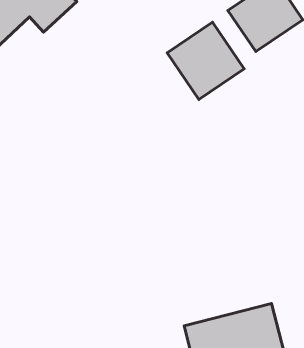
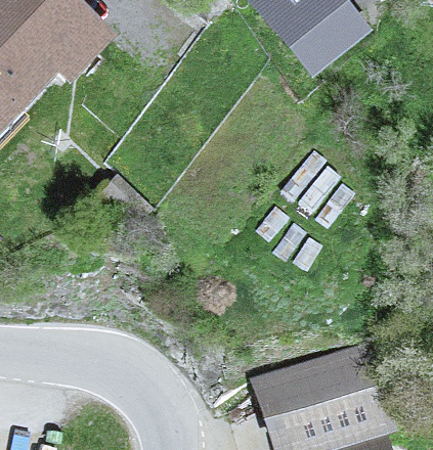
building: [167,22,244,100] -> none

